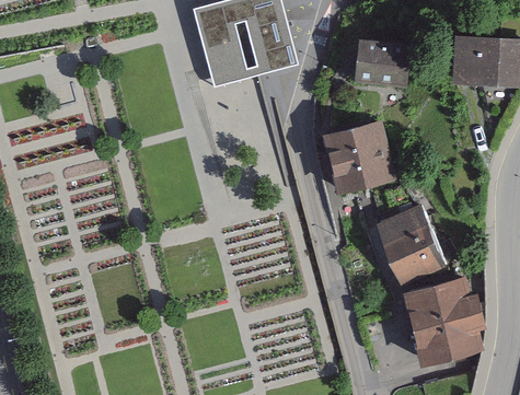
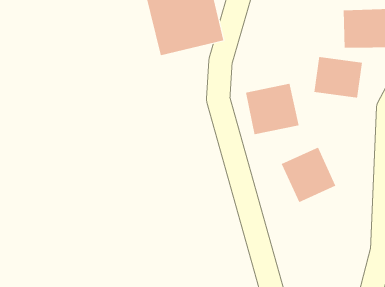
building: [351,38,415,92] -> [313,57,363,98]
building: [397,283,472,362] -> none

